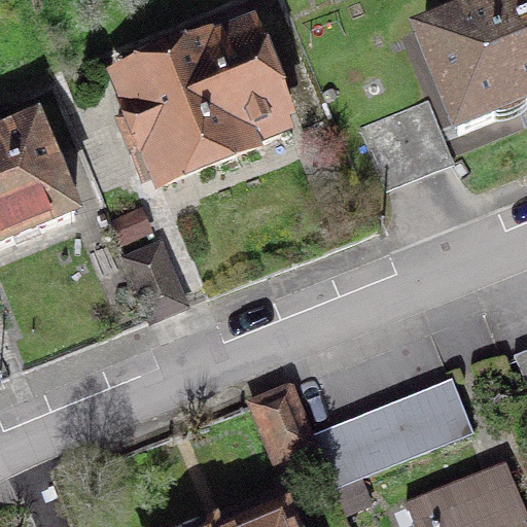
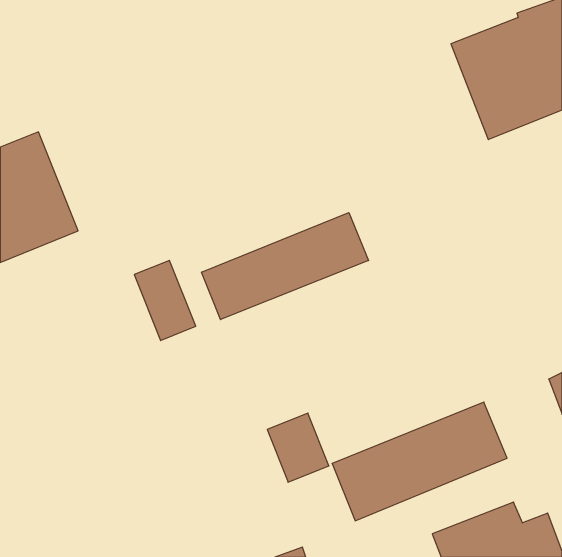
building: [117,34,291,183] -> none
building: [360,98,451,186] -> none
building: none -> [202,213,369,320]

